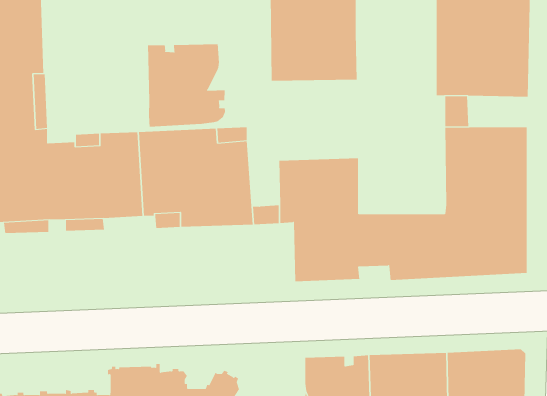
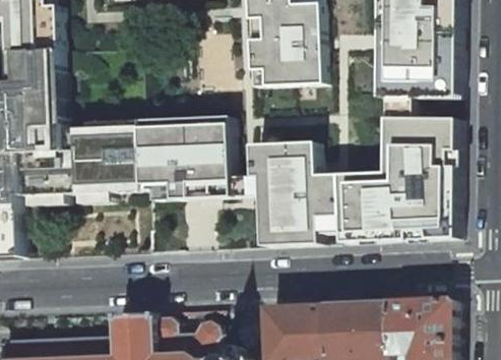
building: [148,43,226,127] -> none

